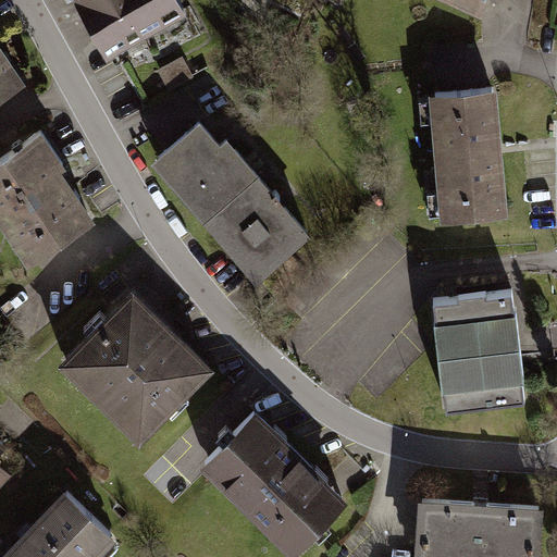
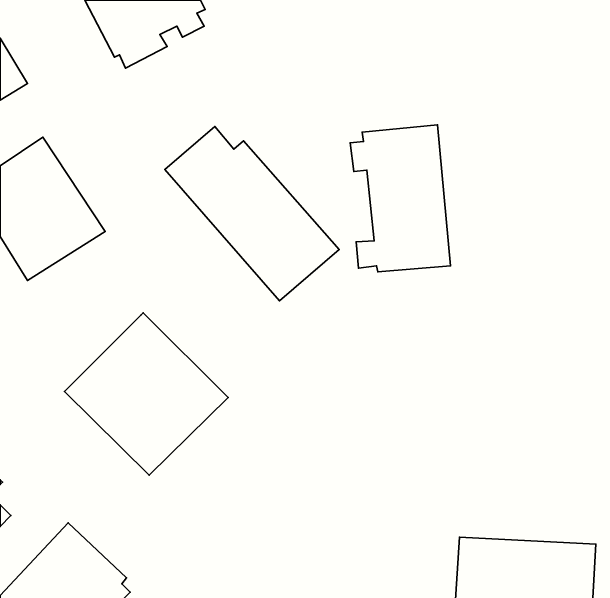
building: [419,91,510,225] -> [350,125,451,272]
building: [435,296,527,412] -> none
building: [198,412,344,552] -> none

